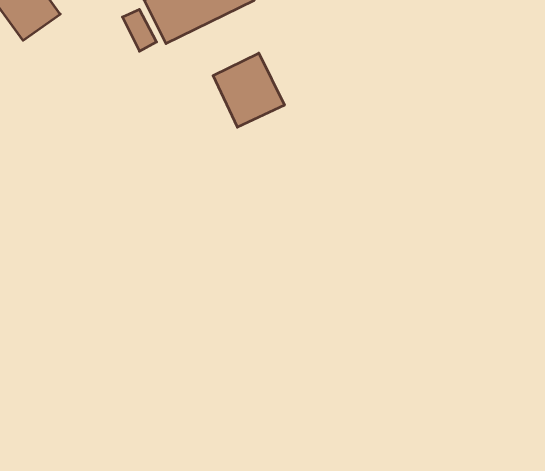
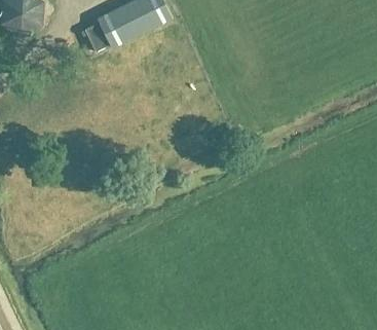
building: [213,53,284,127] -> none

